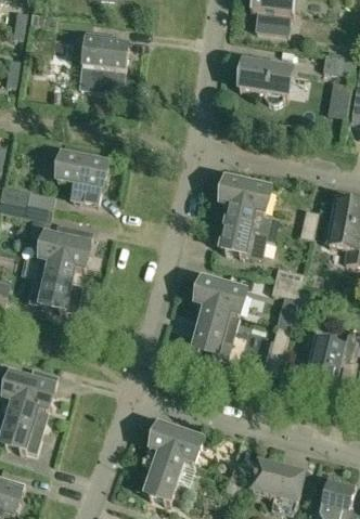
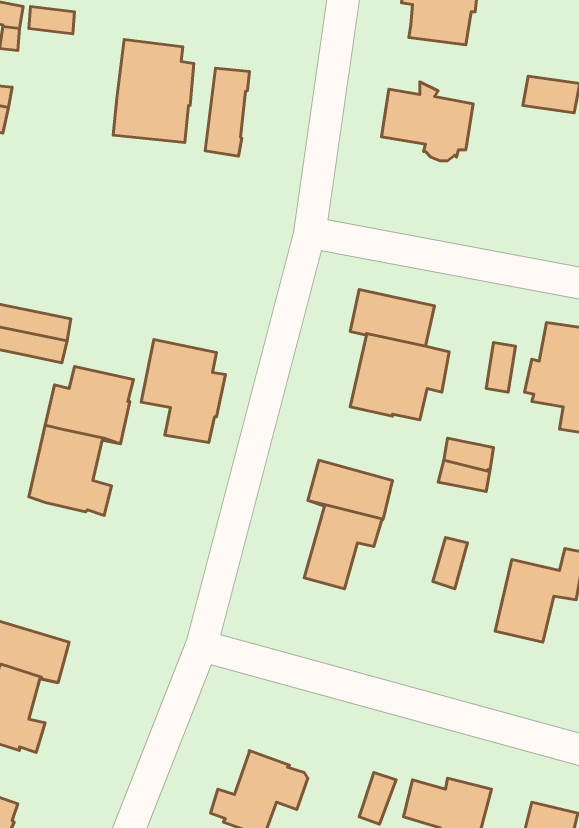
building: none -> [205,68,249,156]
building: [327,80,350,116] -> none
building: [57,142,107,203] -> [141,340,226,442]
building: [150,424,202,463] -> none

